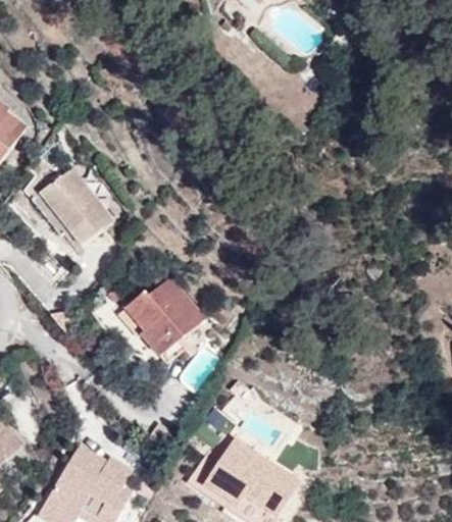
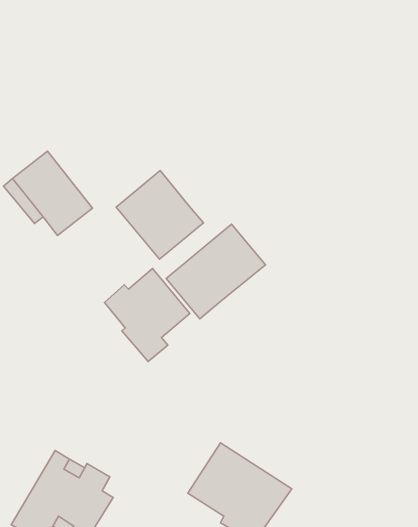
building: none -> [116,170,203,259]
building: none -> [166,224,265,319]

